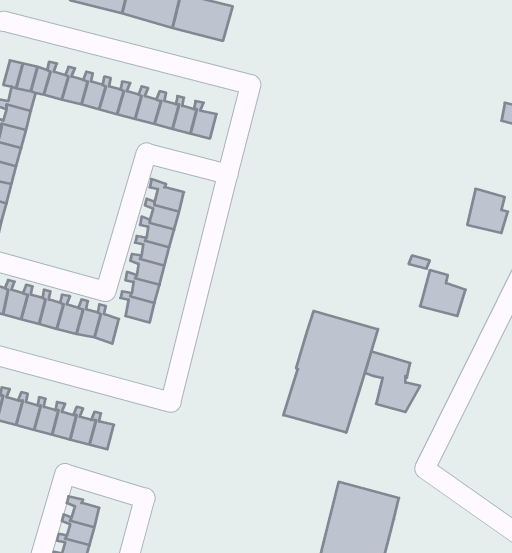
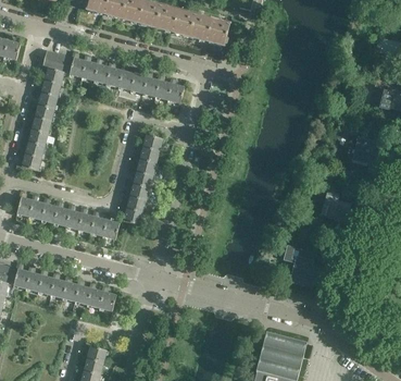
building: none -> [189,14,230,46]
building: [283,311,378,433] -> none

